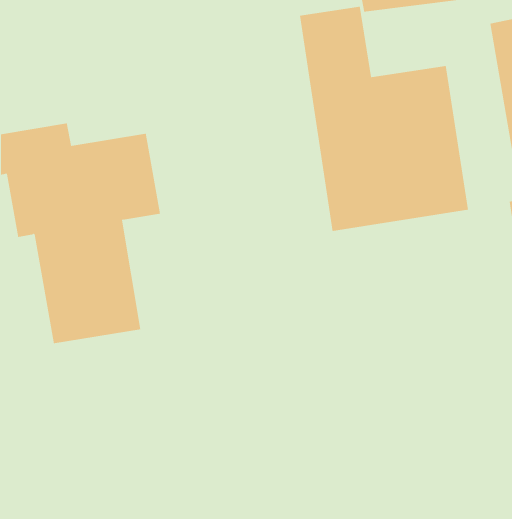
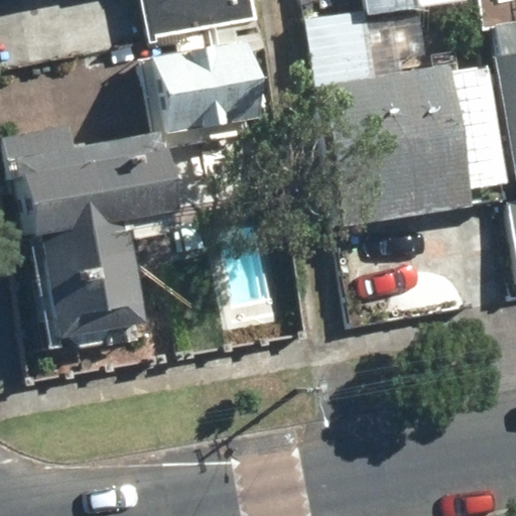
building: none -> [146,36,260,132]

